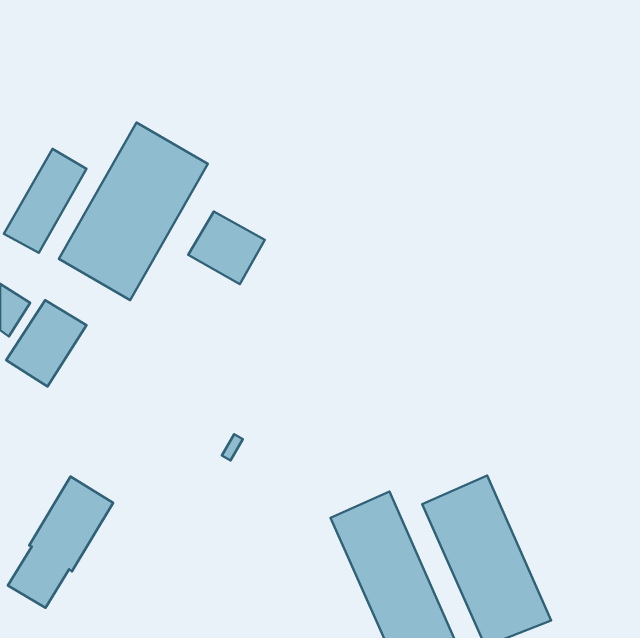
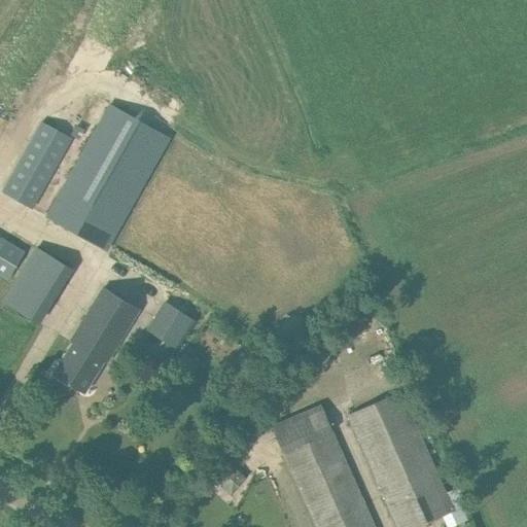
building: [188,212,265,284] -> none
building: none -> [152,308,183,340]
building: [8,477,113,608] -> [52,286,139,394]

